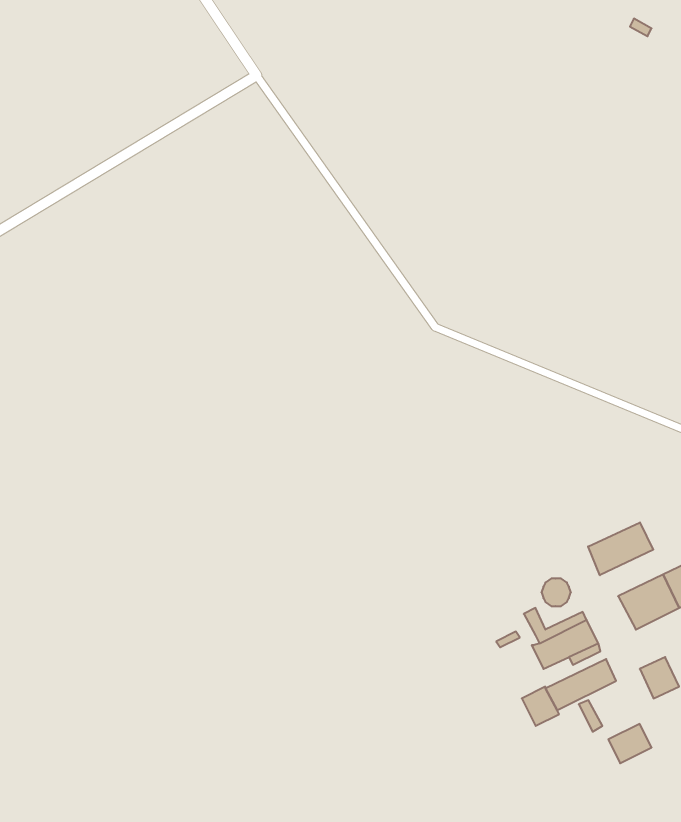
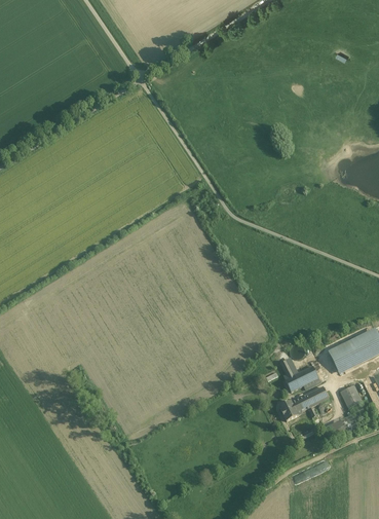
building: [588,522,653,575] -> none

